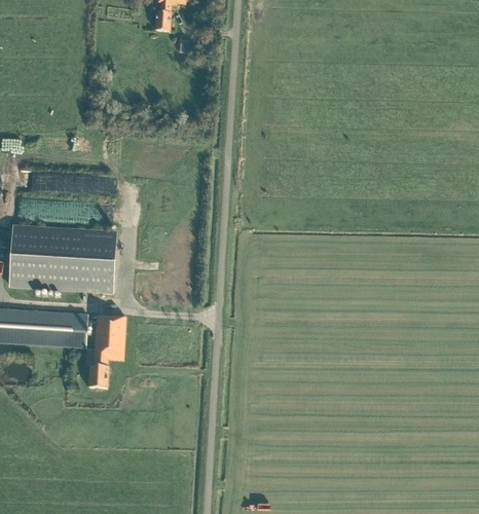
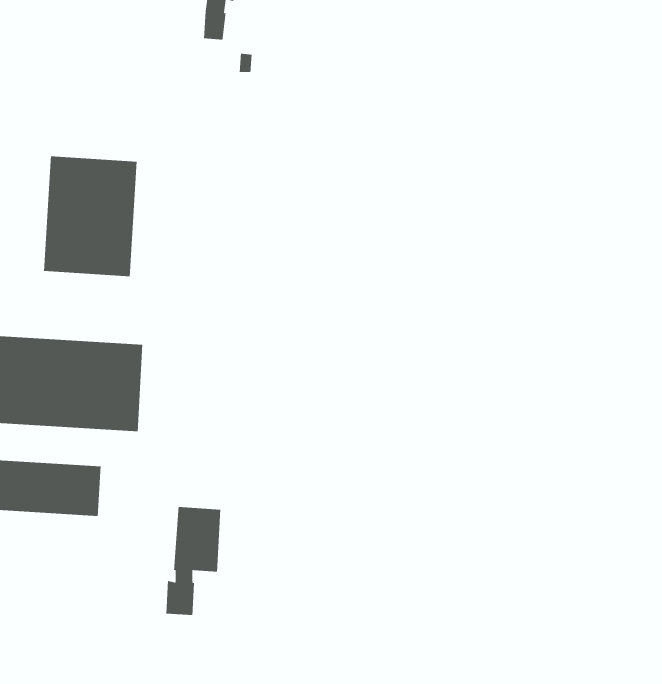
building: none -> [43,156,137,277]
building: [88,315,125,388] -> [166,506,221,616]

